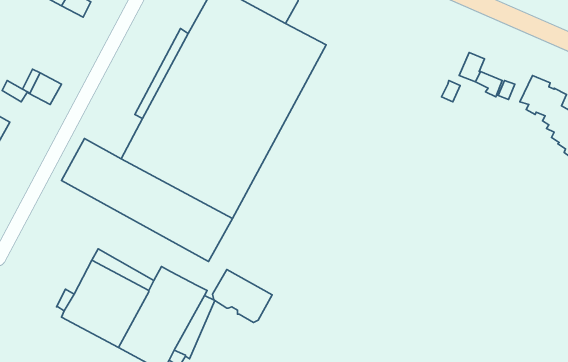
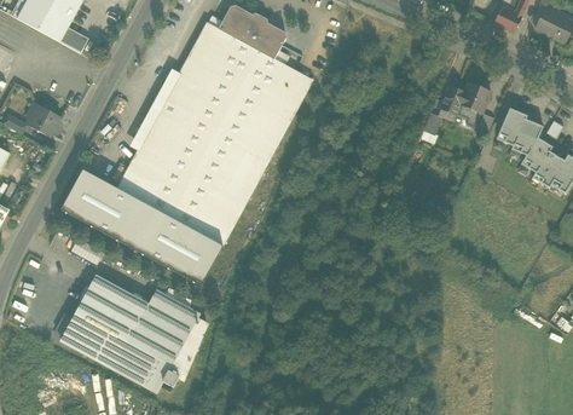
building: none -> [459,82,491,113]
building: [213,270,272,323] -> none

